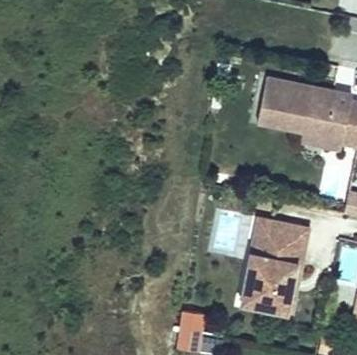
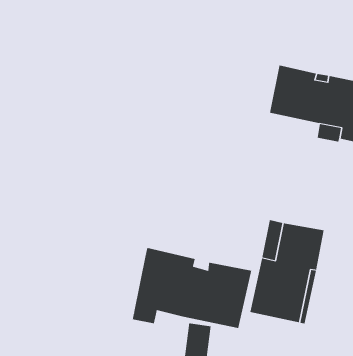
building: none -> [132,247,252,329]

